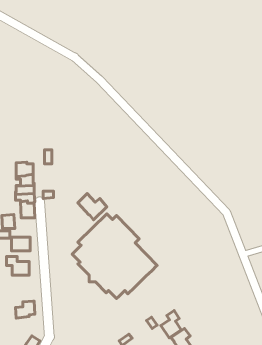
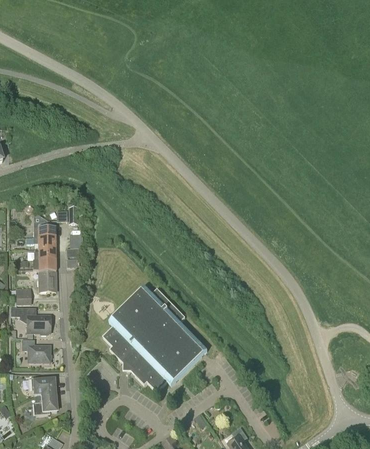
building: [78,194,107,220] -> none
building: none -> [30,375,55,395]
building: [161,311,181,338] -> none

